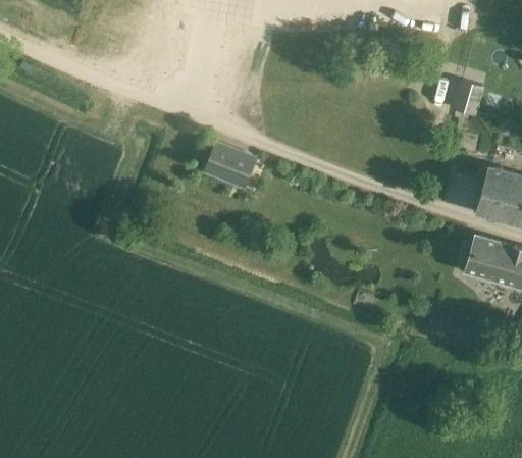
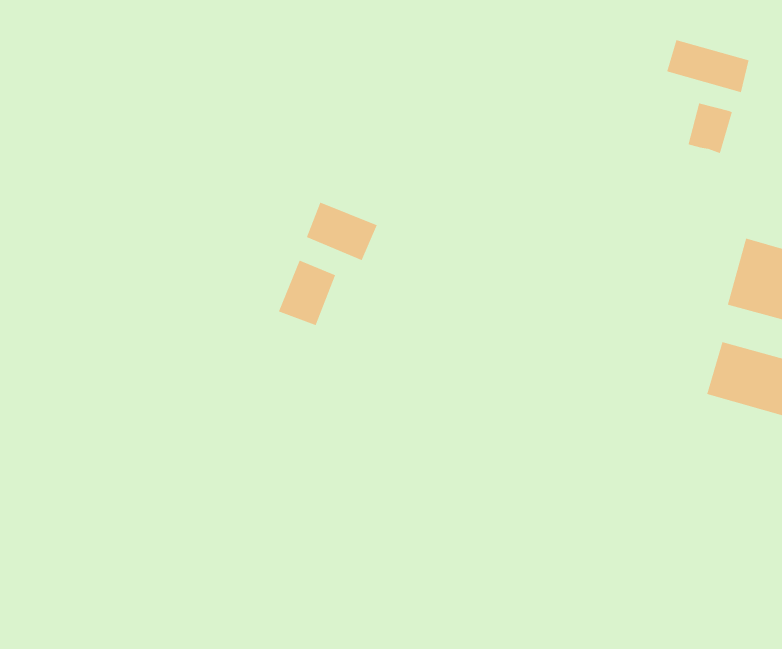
building: none -> [666,39,750,93]
building: none -> [278,259,336,326]

